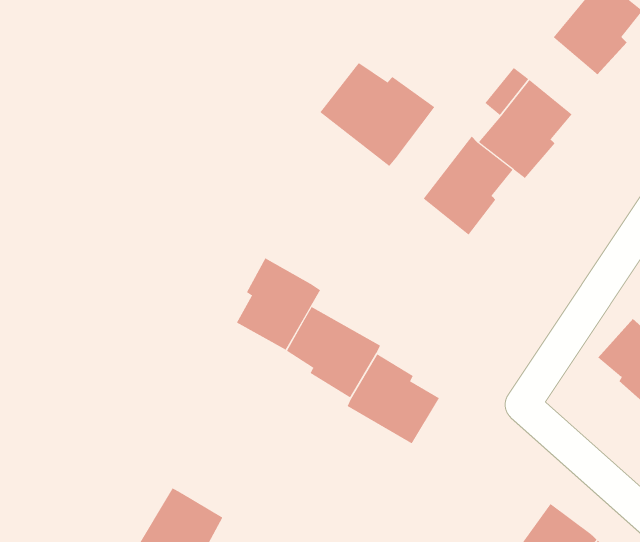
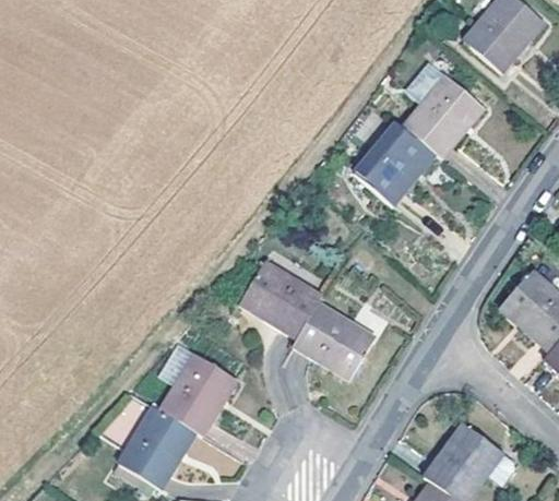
building: [320,62,435,167] -> none
building: [236,258,321,350] -> none
building: none -> [155,359,227,442]

